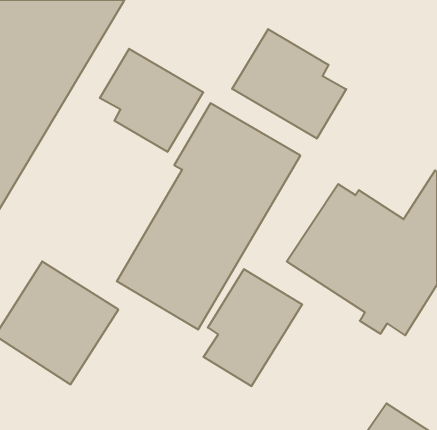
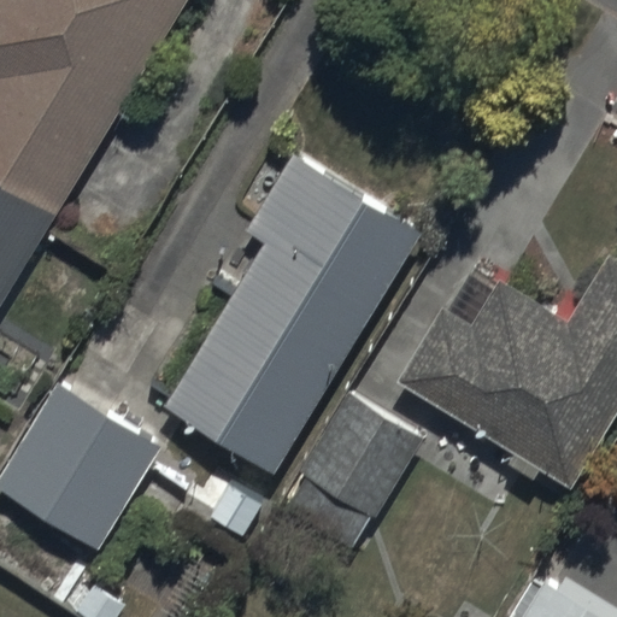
building: [232,29,346,139] -> none
building: [100,49,203,152] -> none

